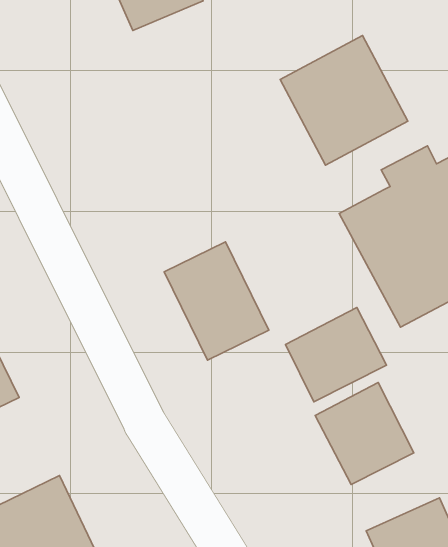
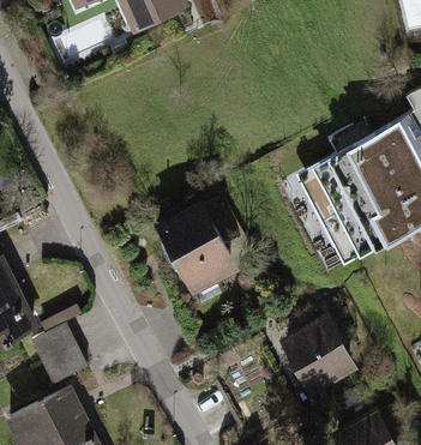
building: [280,36,408,165] -> none
building: [286,307,386,402] -> none
building: none -> [37,314,90,383]

